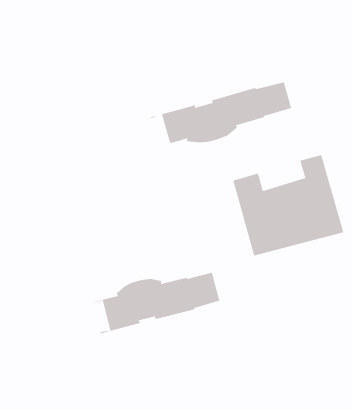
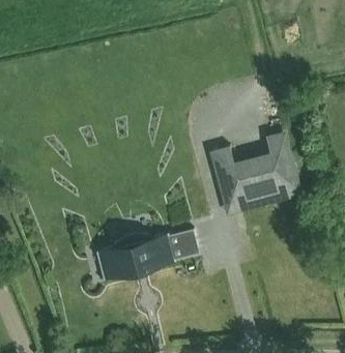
building: [150,81,292,147] -> none

